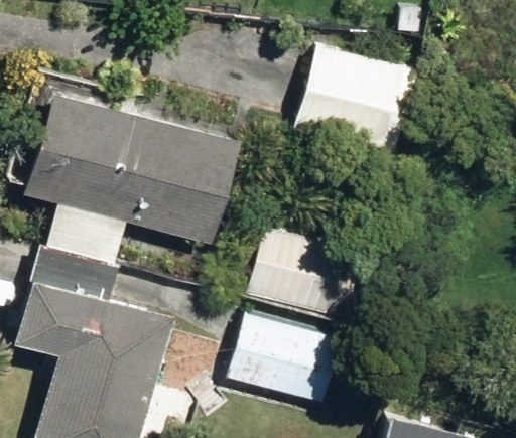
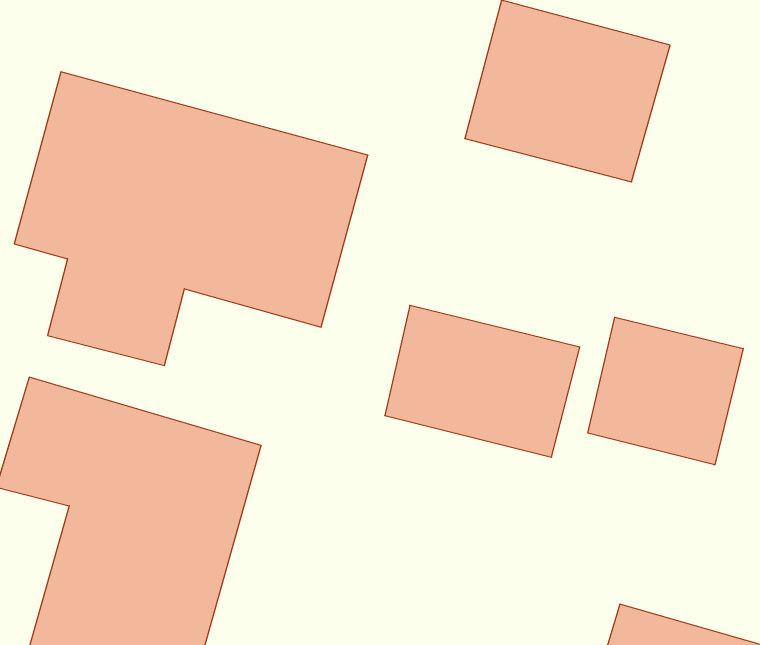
building: none -> [588,317,743,465]
building: [232,315,344,405] -> none

